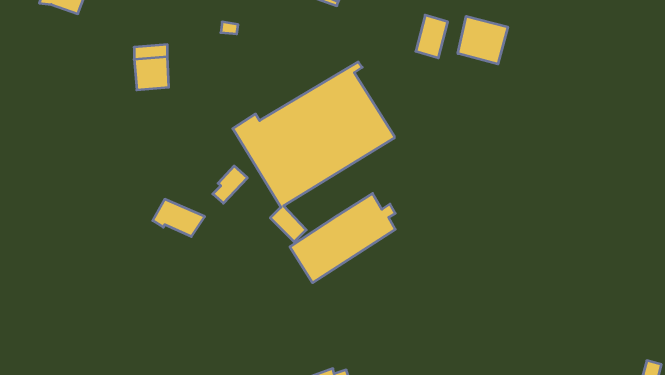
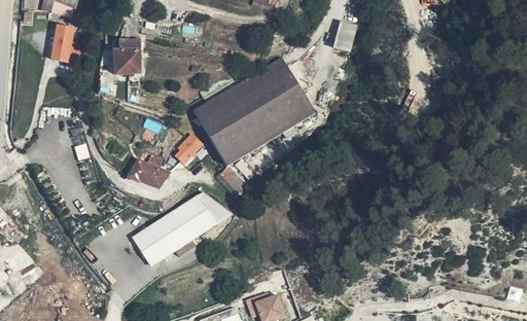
building: [458,16,508,64] -> none
building: none -> [50,25,72,62]
building: [290,193,395,283] -> [133,195,214,264]

